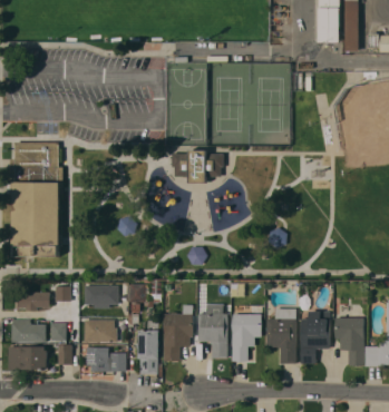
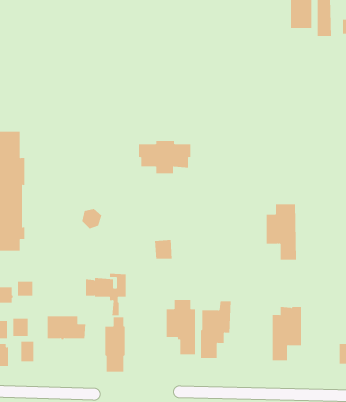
building: [84,285,118,307] -> none
building: [164,304,193,361] -> none
building: [266,308,296,363] -> [266,204,297,260]
building: [334,317,363,365] -> none
building: [86,347,126,371] -> none

